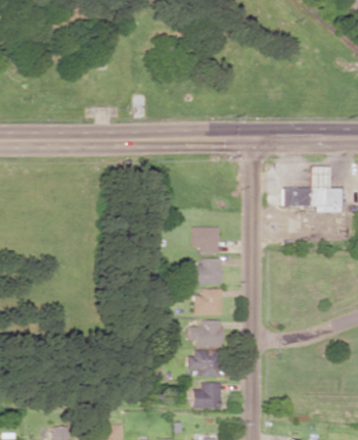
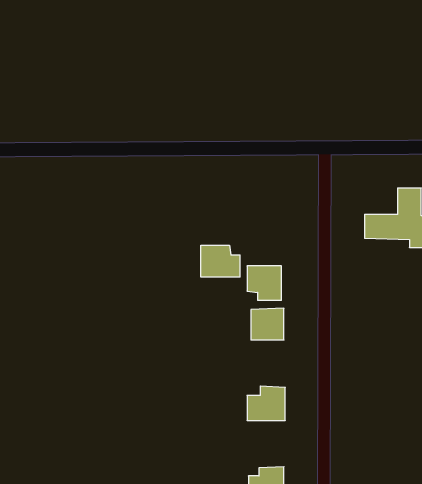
building: none -> [201,245,240,277]
building: [195,288,222,315] -> none
building: [190,349,220,377] -> none

